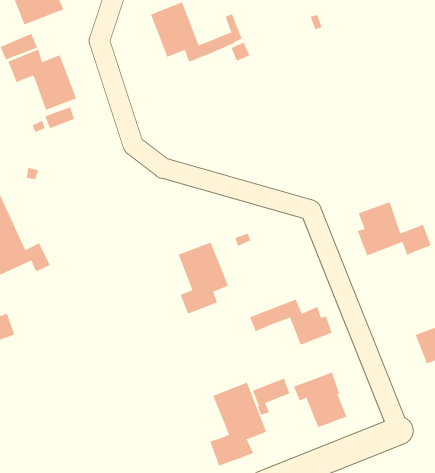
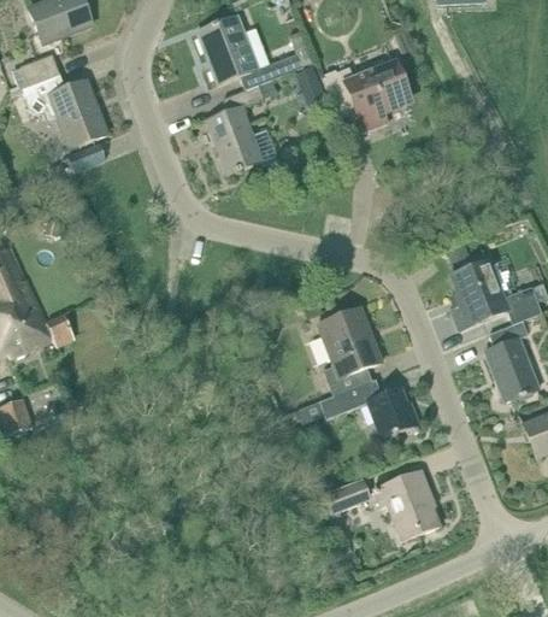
building: none -> [322,60,406,128]
building: none -> [206,78,277,172]
building: [178,242,229,314] -> [322,307,384,396]
building: none -> [485,322,540,402]
building: [210,382,267,466] -> none

